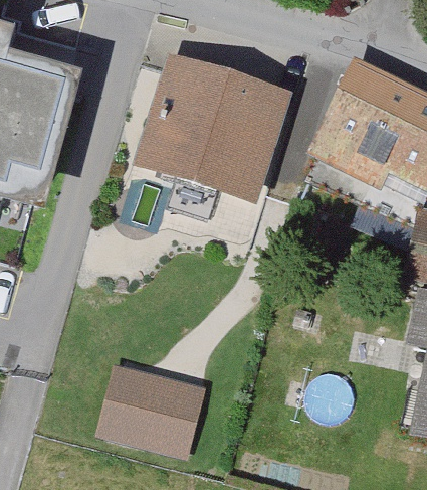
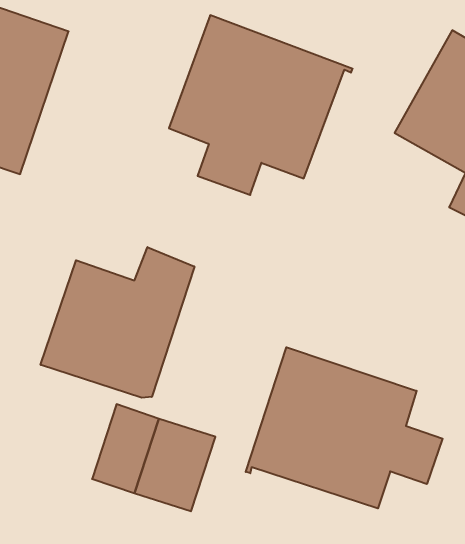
building: none -> [41,247,194,398]
building: none -> [246,347,443,508]

